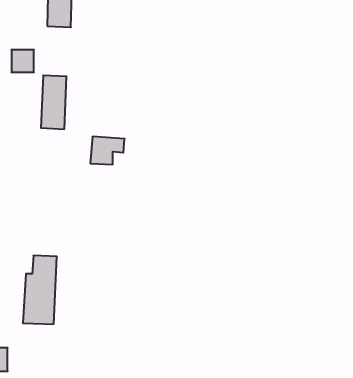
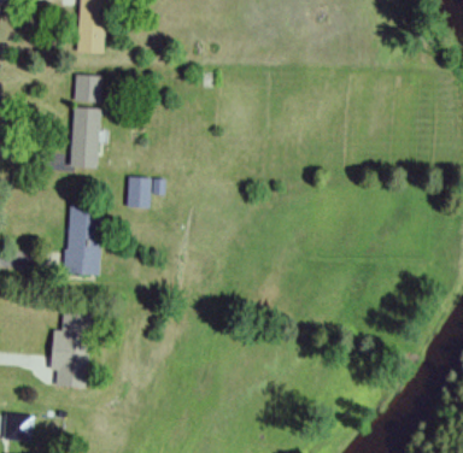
building: [11,50,34,72] -> [76,77,101,102]
building: none -> [64,204,98,276]

